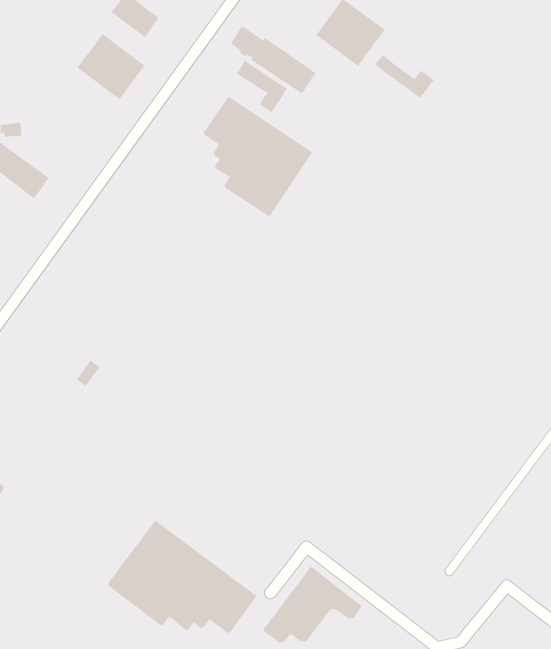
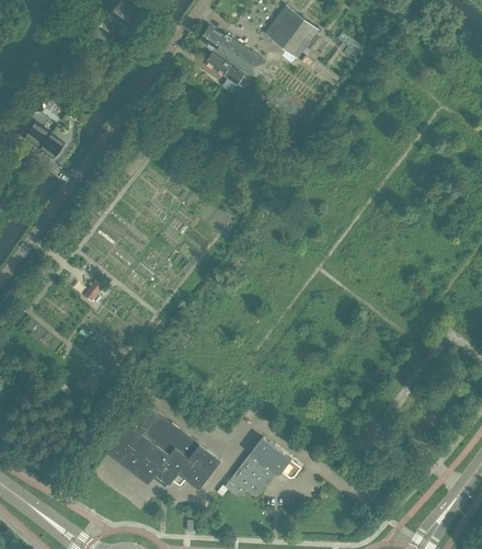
building: [76,33,146,100] -> none
building: [374,54,435,99] -> none
building: [203,95,313,217] -> none

